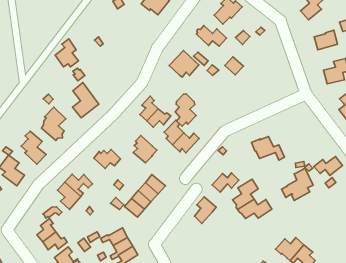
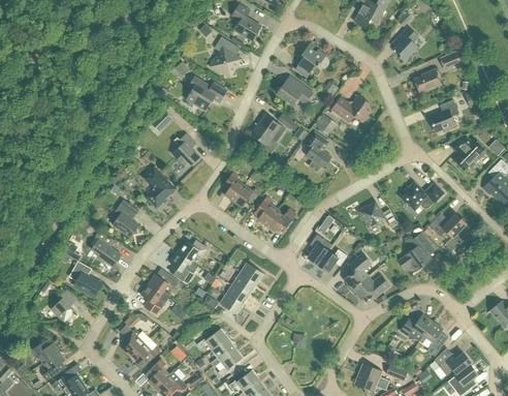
building: none -> [186,75,226,111]
building: [55,39,78,67] -> [171,132,199,165]
building: none -> [330,94,370,122]
building: [175,94,196,126] -> [306,132,330,171]
building: none -> [399,182,443,209]
building: [133,136,157,163] -> [170,251,197,282]
building: [195,197,216,223] -> [308,234,331,265]

